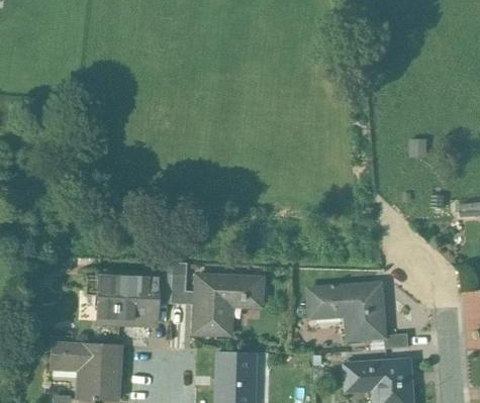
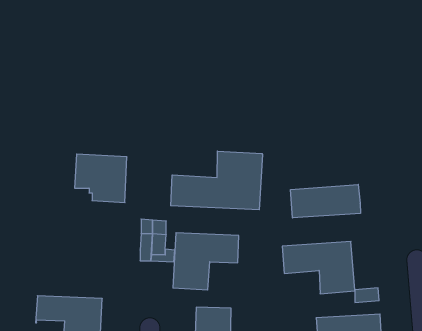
building: none -> [171,151,262,210]
building: none -> [291,184,360,218]
building: [99,274,154,324] -> [75,154,127,203]

